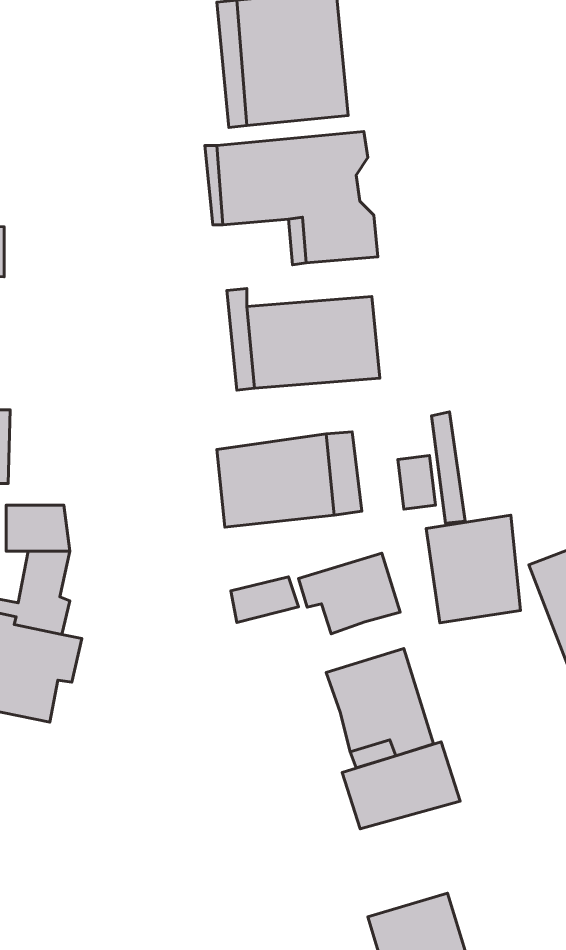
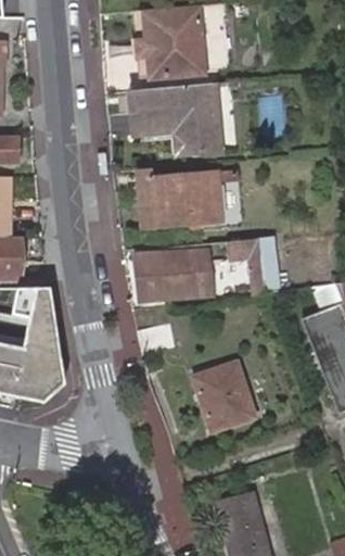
building: [426,515,521,623] -> none
building: [299,553,400,634] -> none
building: [342,742,460,829] -> none

